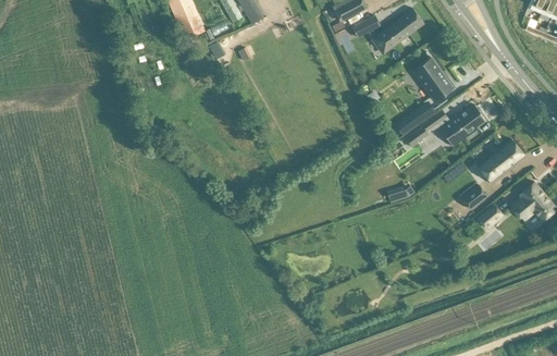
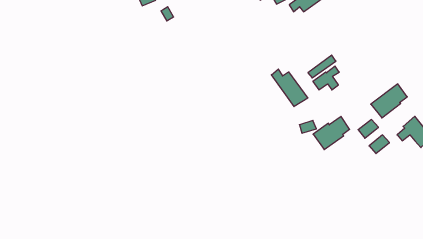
building: [416,59,453,99] -> none
building: [440,103,486,146] -> [313,116,350,150]
building: none -> [271,69,308,107]

